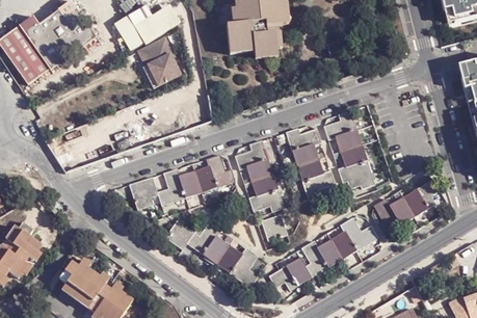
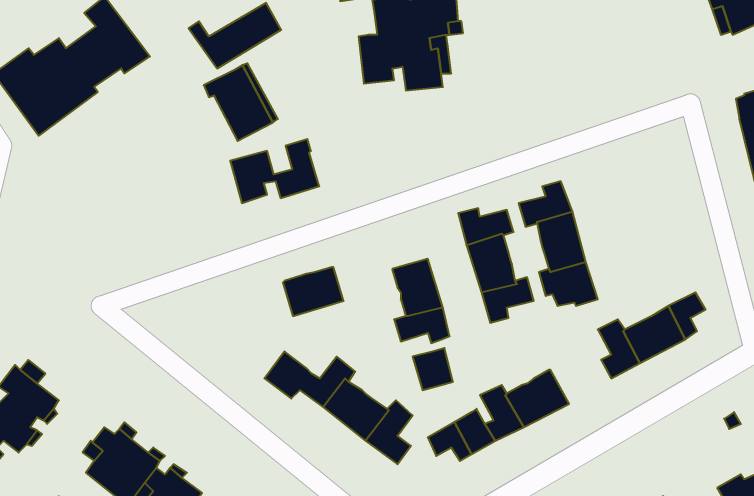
building: [237,141,269,170] -> none
building: [208,155,236,187] -> none
building: [131,167,186,207] -> [230,139,319,203]
building: [342,217,378,250] -> none

